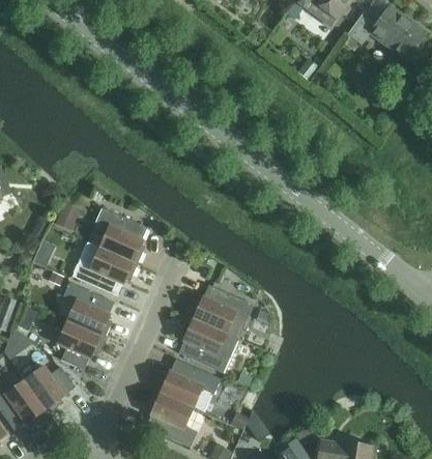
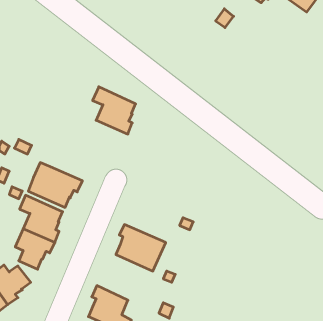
building: [95,206,147,263] -> [93,87,136,134]
building: [189,284,254,338] -> none
building: [155,358,221,407] -> none

